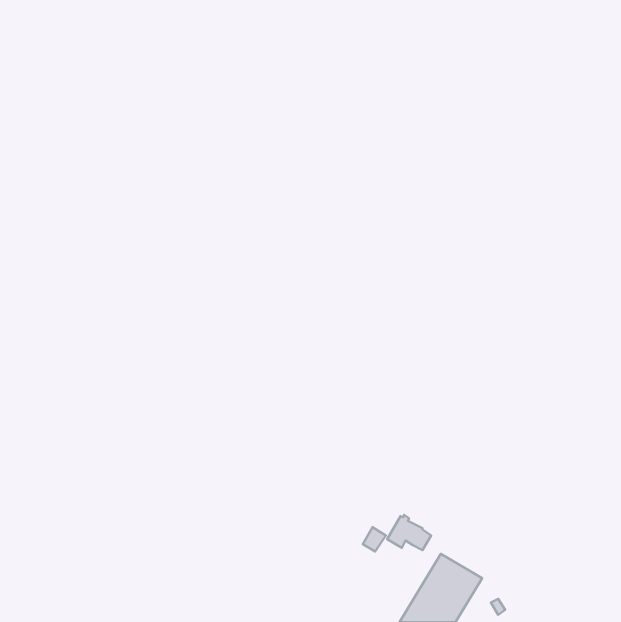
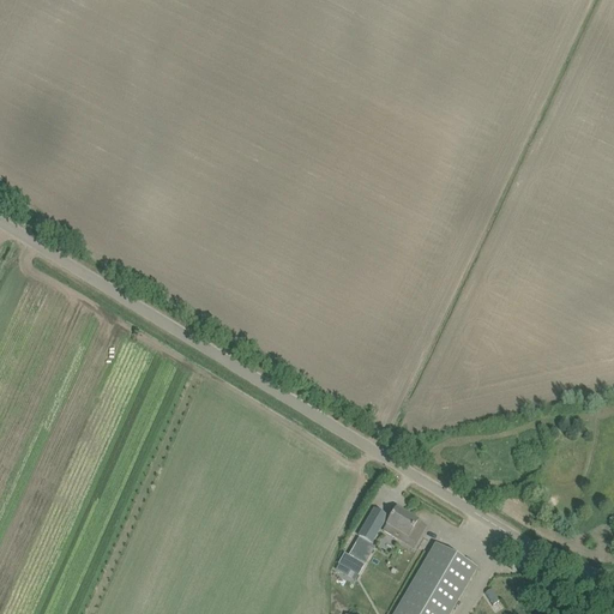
building: none -> [337,540,372,577]

